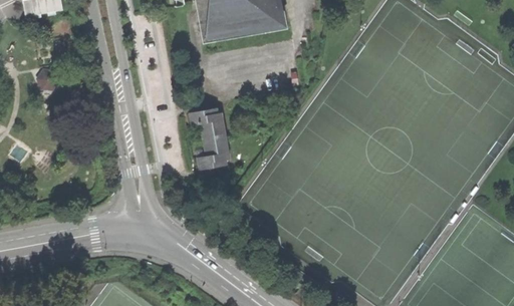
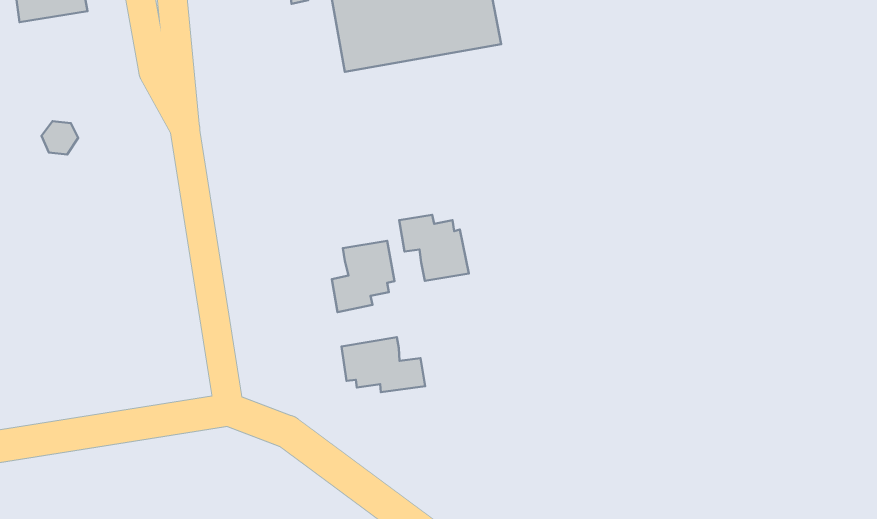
building: [188,103,226,139] -> [399,215,469,281]
building: none -> [342,337,425,392]

